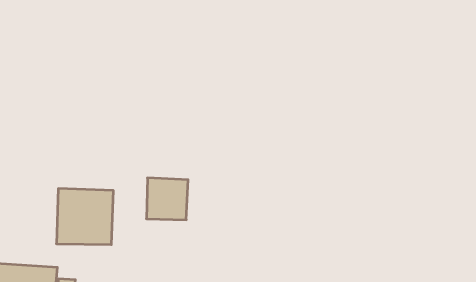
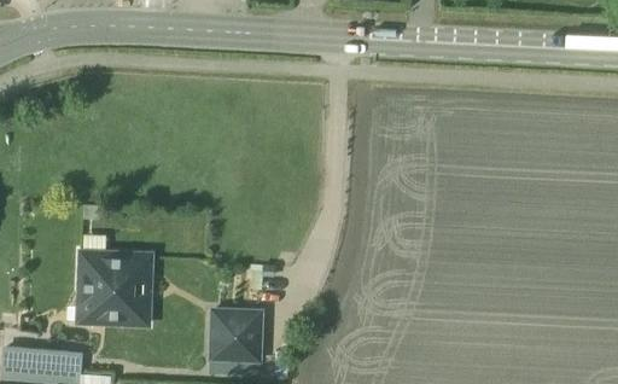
building: [146,178,188,220] -> [210,307,263,360]

